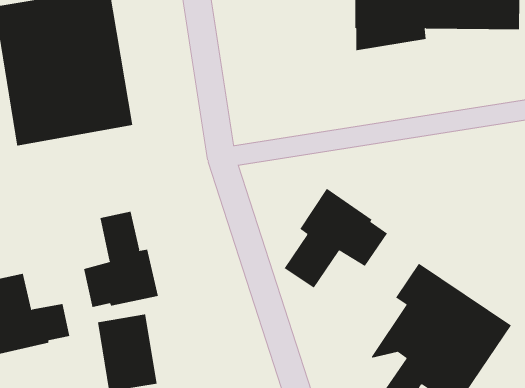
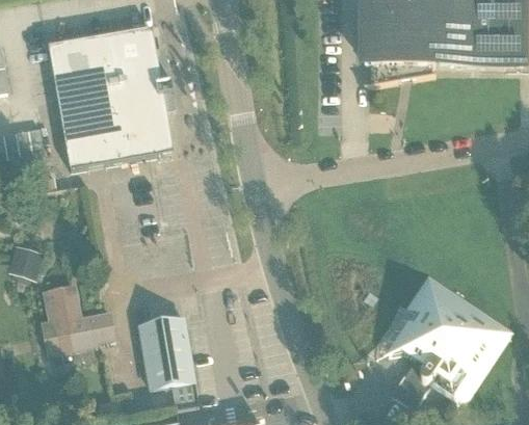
building: [284,188,388,289] -> none
building: [83,211,158,308] -> none

